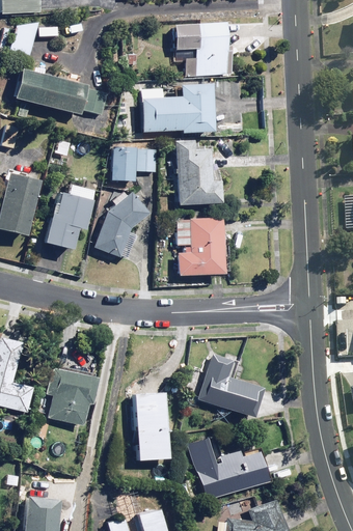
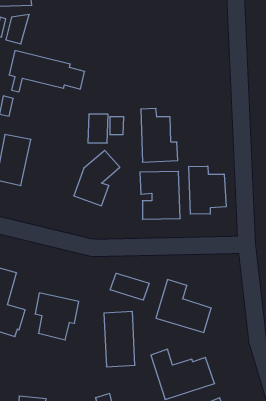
building: [173,22,232,75] -> none
building: [142,82,215,132] -> none
building: [43,190,94,247] -> none
building: none -> [189,166,226,214]
building: none -> [110,273,149,300]

